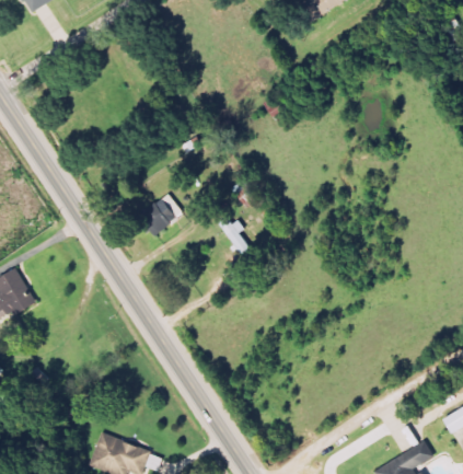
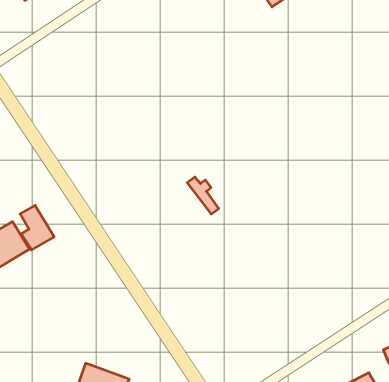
building: [140,193,183,234] -> none
building: none -> [20,205,54,250]

